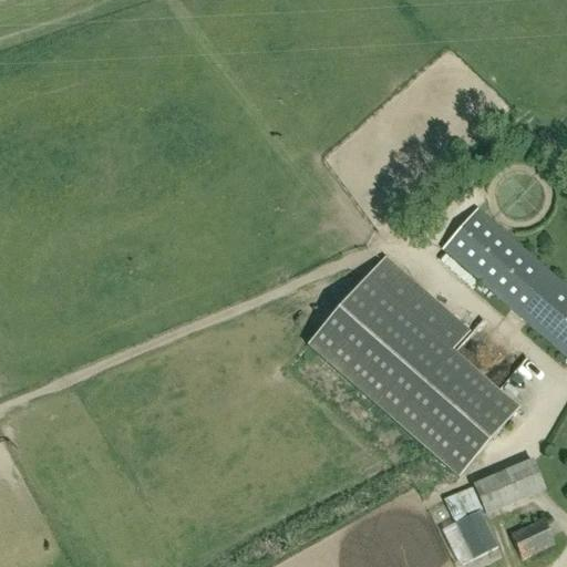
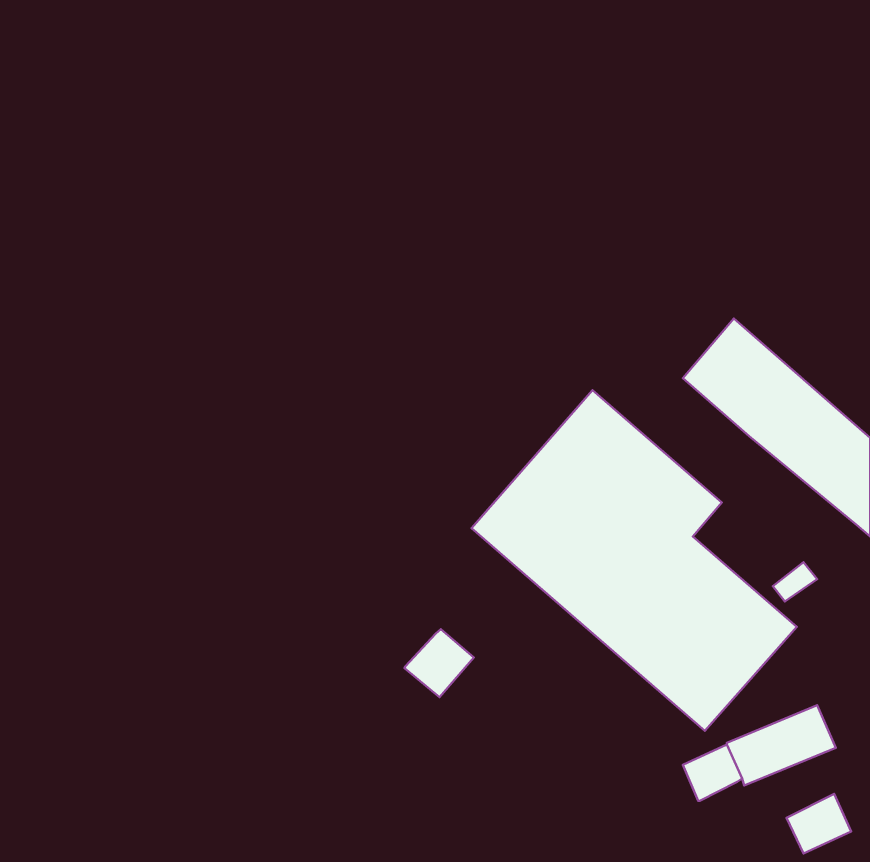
building: none -> [405,629,474,697]
building: [455,508,497,556] -> none

